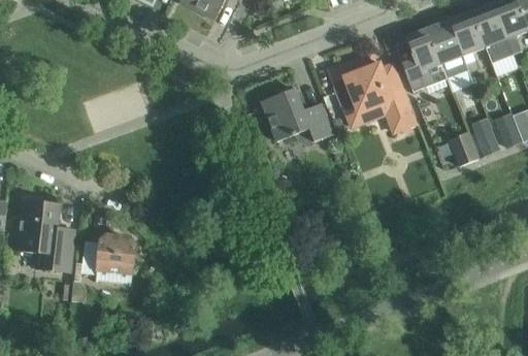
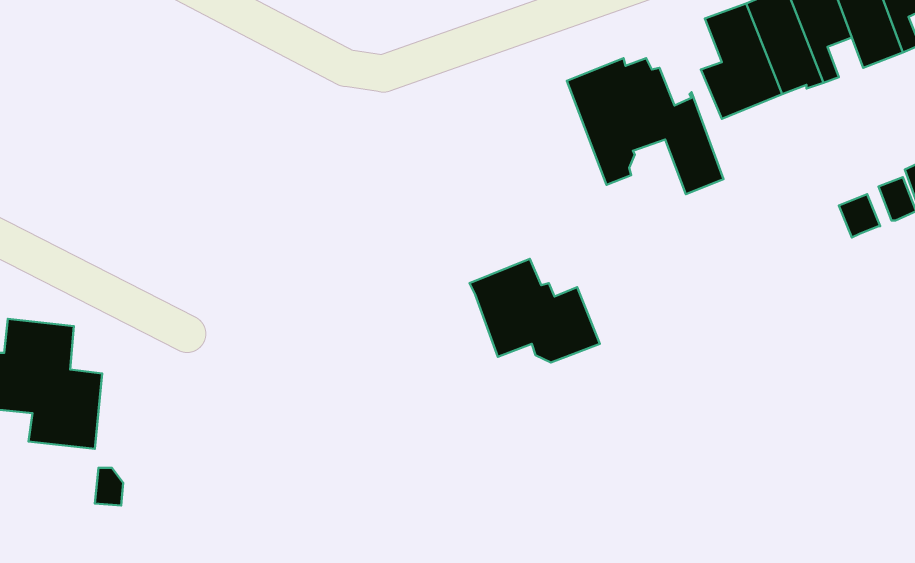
building: [261,87,332,143] -> [469,259,600,363]
building: [449,133,477,167] -> none
building: [81,234,135,283] -> none

